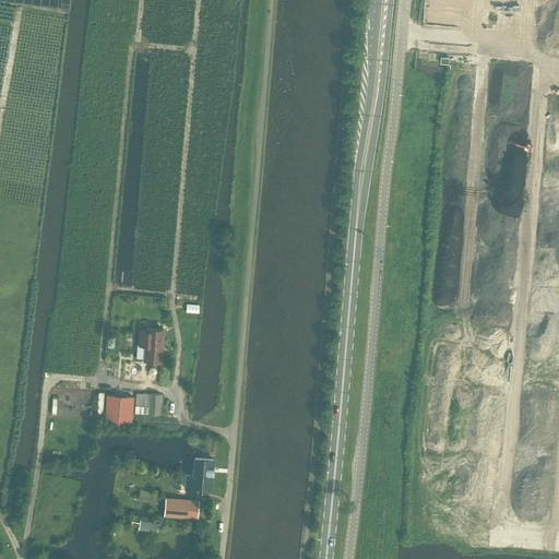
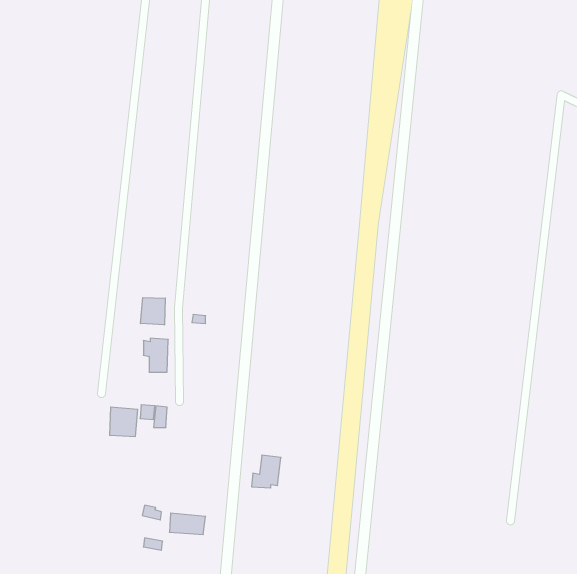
building: none -> [141,298,165,325]
building: [186,460,214,491] -> [252,455,281,488]

